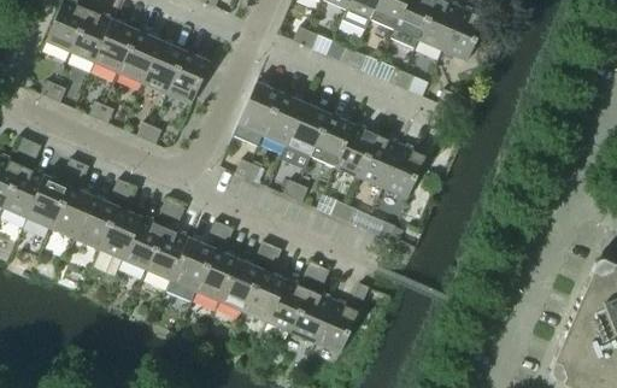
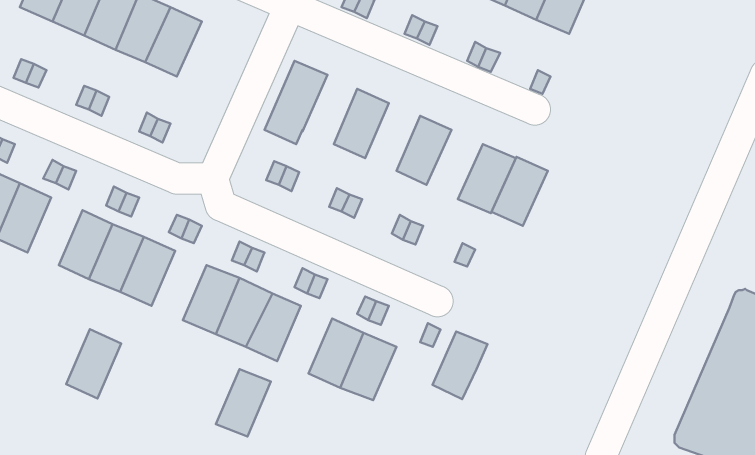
building: [166,52,210,105] -> none
building: [263,93,305,146] -> none
building: [311,114,353,166] -> none
building: [358,135,401,188] -> [491,157,548,226]
building: [52,187,94,239] -> none
building: [147,228,189,281] -> [66,329,121,398]
building: [243,270,286,322] -> [216,369,271,437]
building: [317,301,359,353] -> [432,331,487,399]

